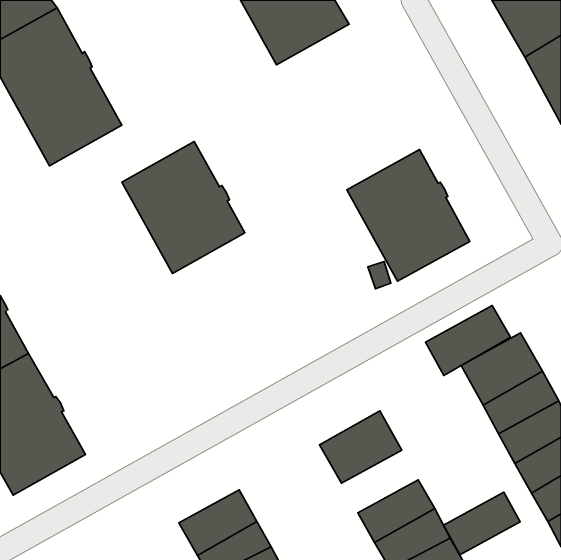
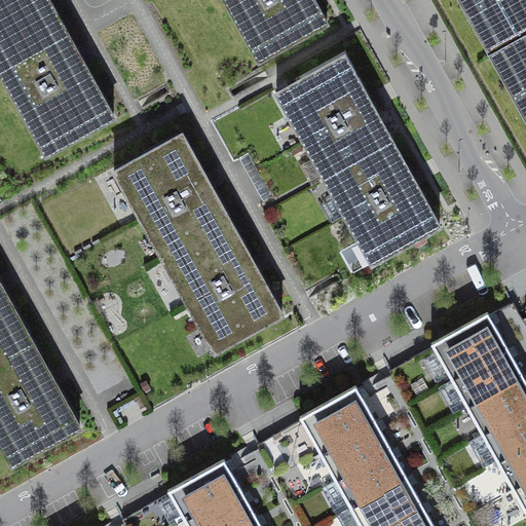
building: none -> [276,55,392,179]
building: none -> [161,219,283,351]
building: [425,305,510,376] -> none
building: [443,492,520,555] -> [320,422,391,481]

